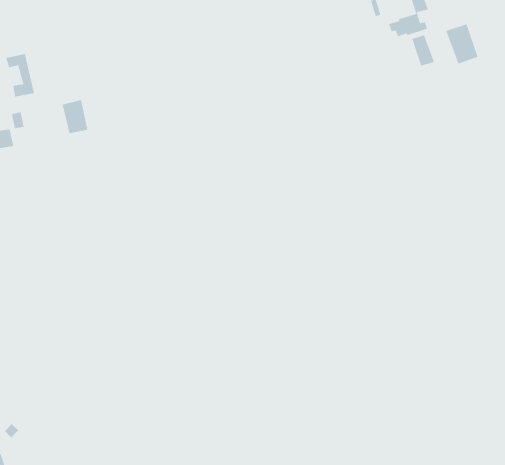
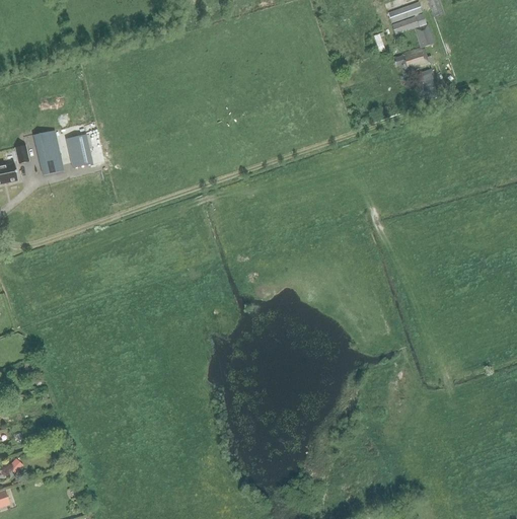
building: [445,23,478,64] -> none
building: [5,54,35,97] -> [33,130,63,173]

